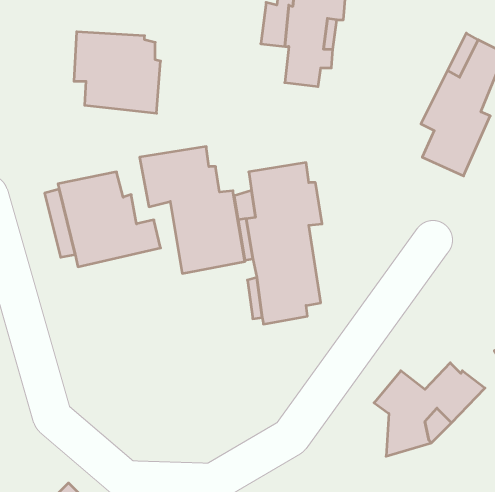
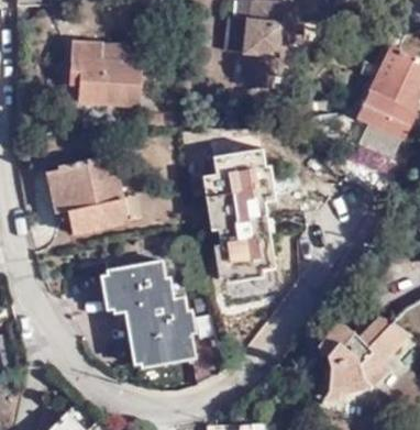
building: [140,147,245,273] -> [107,263,194,367]

